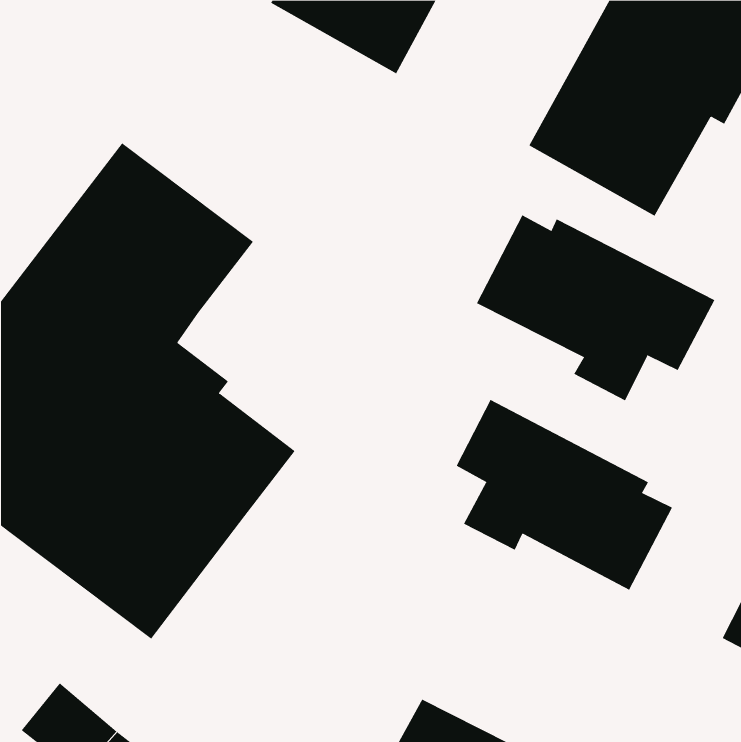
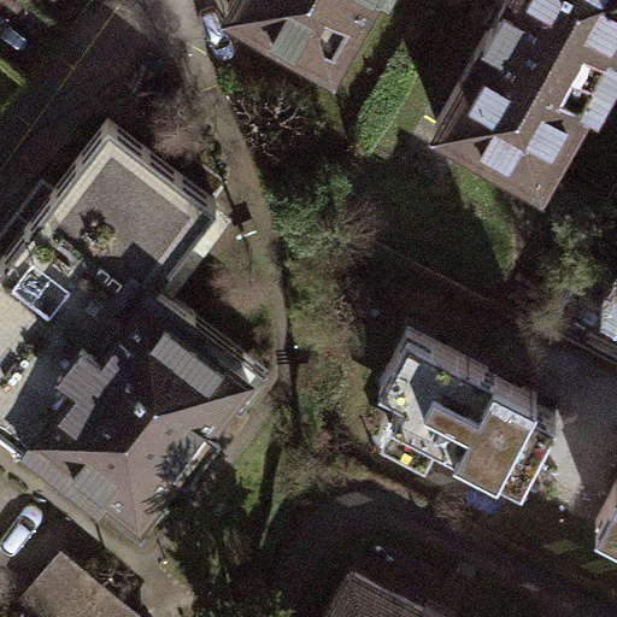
building: [476,215,715,401] -> none

